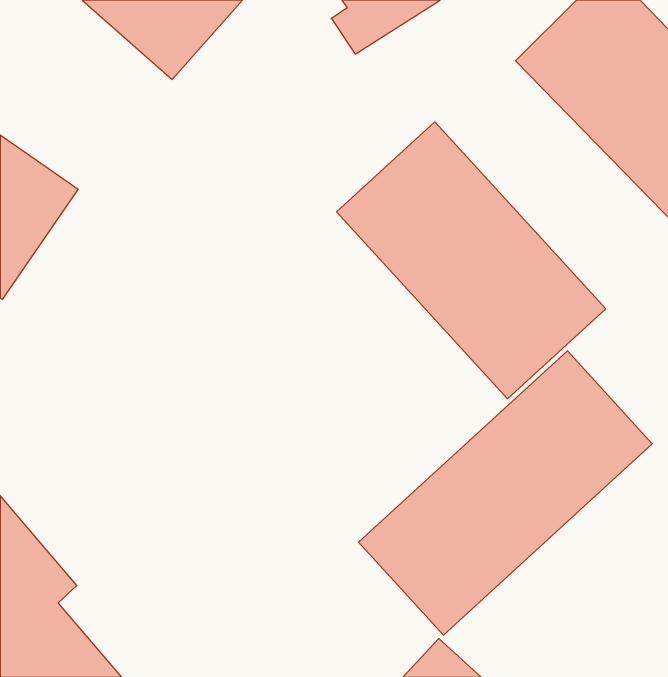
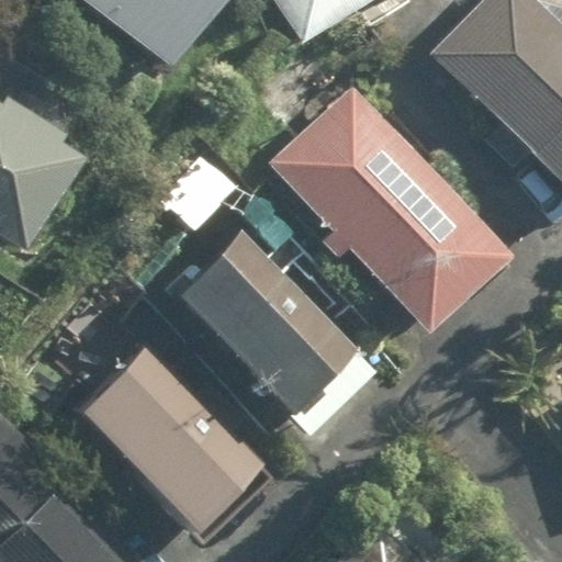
building: none -> [176,232,371,434]
building: [359,351,652,635] -> none
building: none -> [71,345,261,527]

